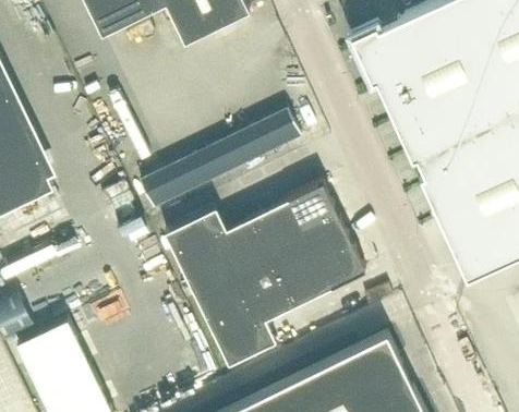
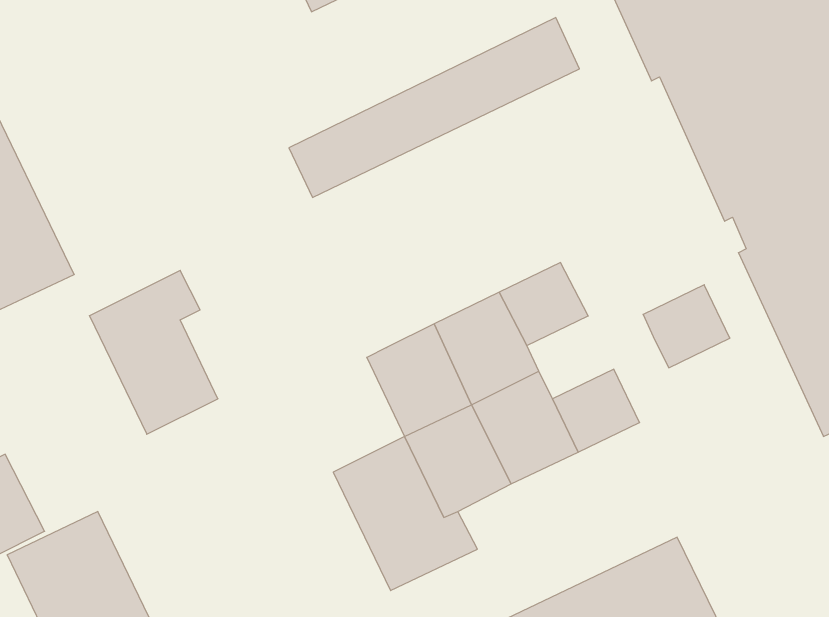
building: [140,110,300,209] -> [289,18,579,197]
building: [165,208,236,299] -> [89,270,218,434]
building: [303,213,351,258] -> [643,285,730,368]

